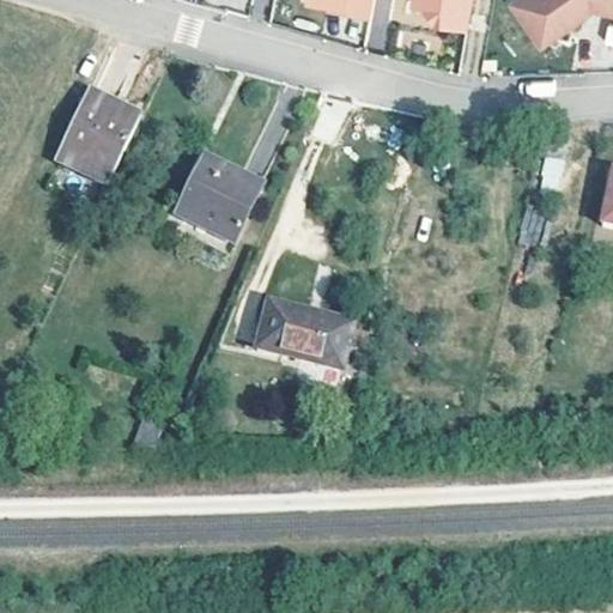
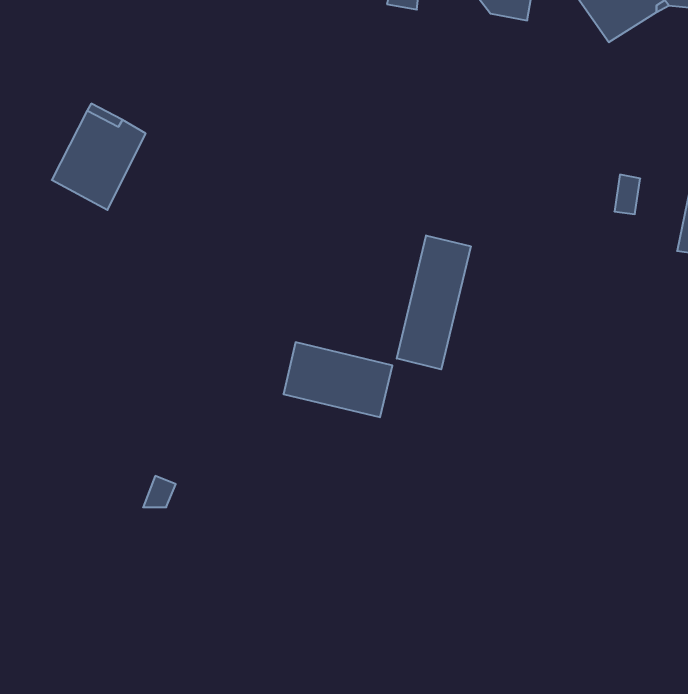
building: [174,154,256,237] -> none
building: none -> [397,235,471,369]

